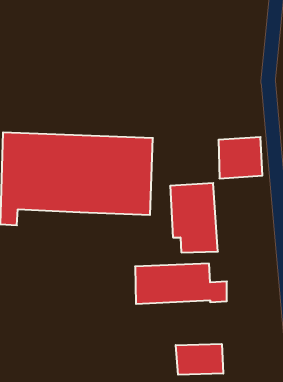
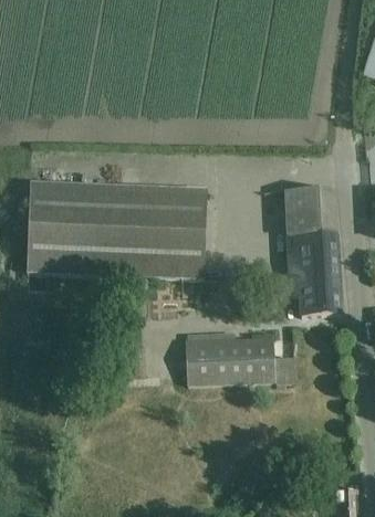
building: [170,183,218,252] -> [285,232,342,314]
building: [176,344,223,375] -> none

